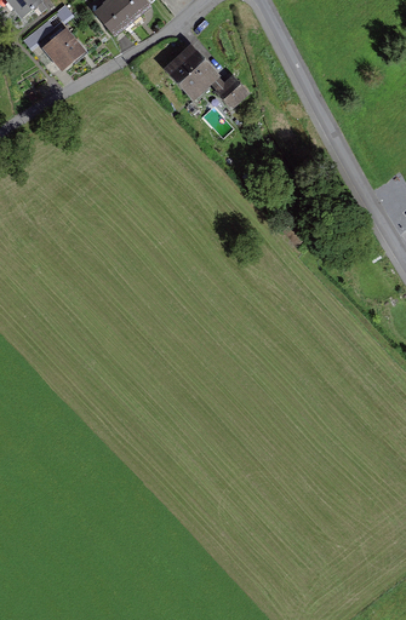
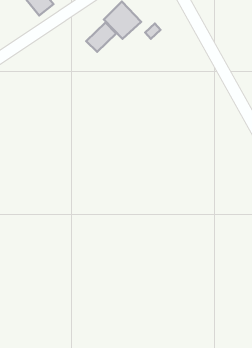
building: none -> [86,23,116,52]

